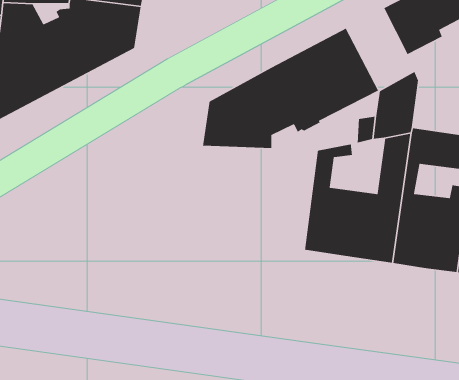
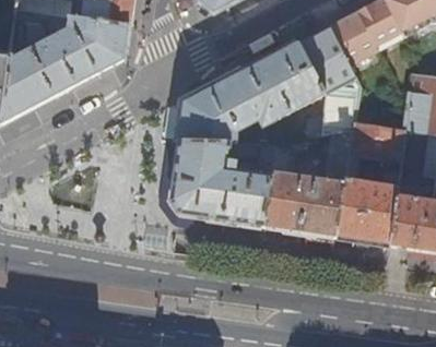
building: none -> [298,26,355,95]
building: none -> [170,141,274,227]

